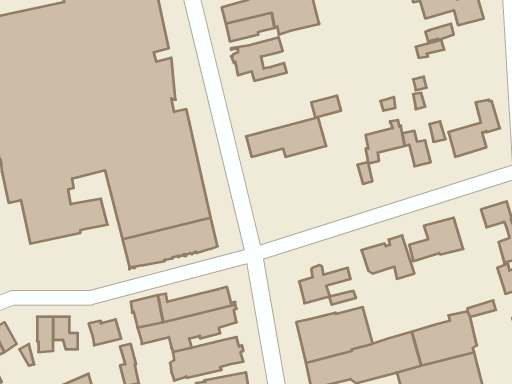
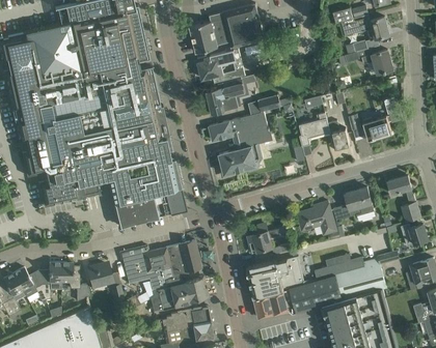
building: none -> [361,50,393,74]
building: none -> [207,79,245,115]
building: none -> [219,133,271,177]
building: none -> [315,254,353,280]

